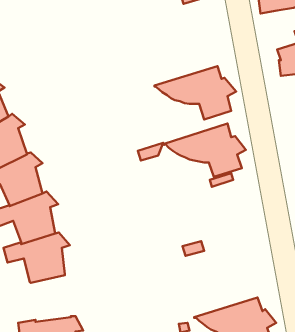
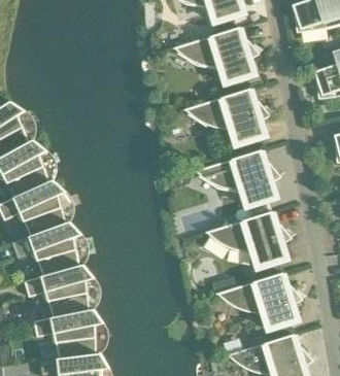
building: none -> [173,28,260,84]
building: none -> [205,212,292,269]
building: none -> [216,273,303,330]
building: none -> [34,310,104,361]

